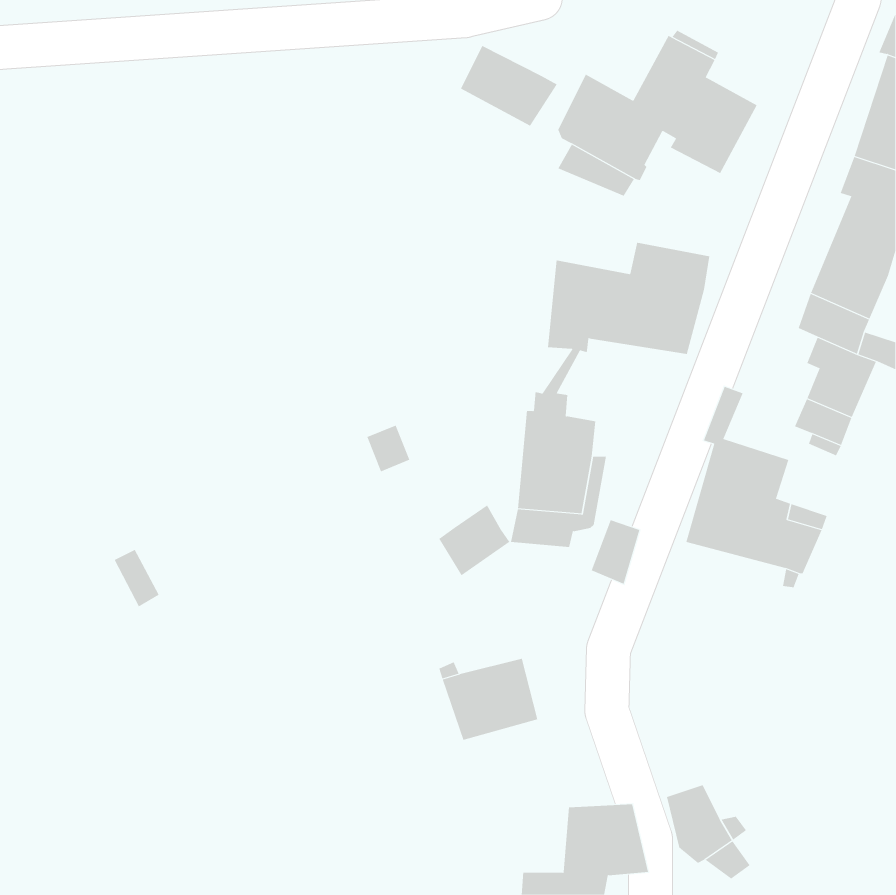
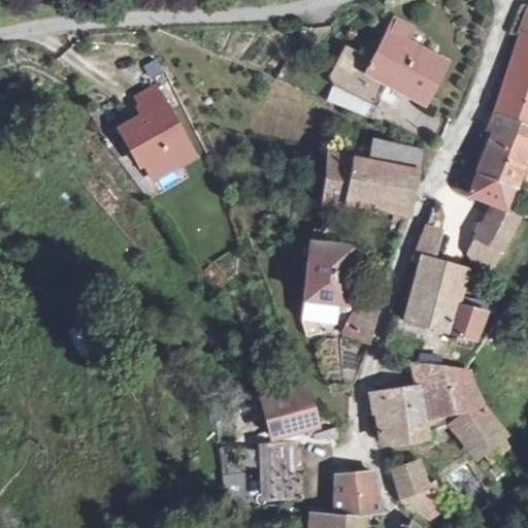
building: [460,45,557,127] -> none
building: none -> [120,88,194,177]
building: [438,504,510,576] -> none
building: none -> [375,365,506,460]
building: none -> [255,441,302,498]

